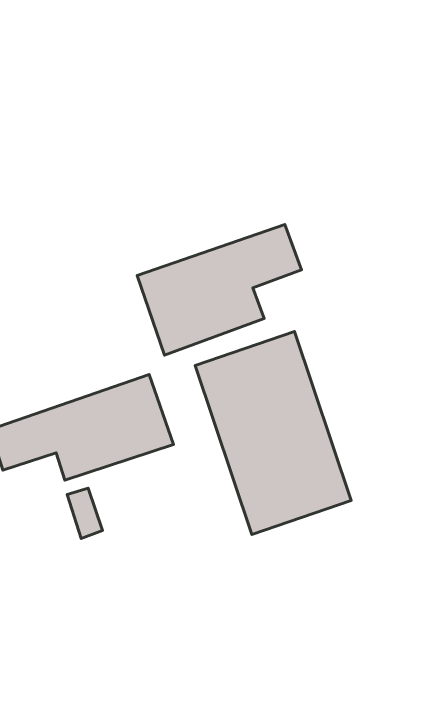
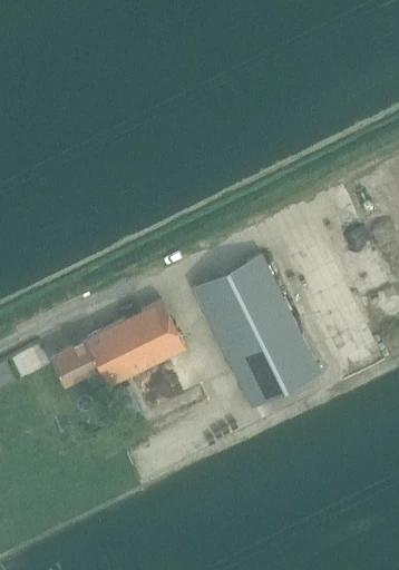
building: [137,224,302,355] -> none

